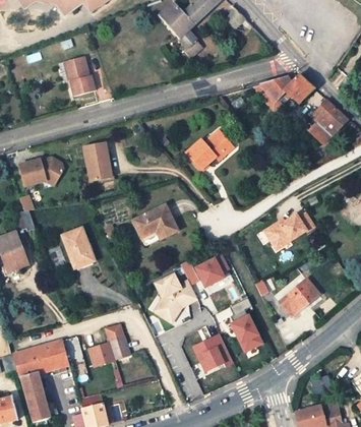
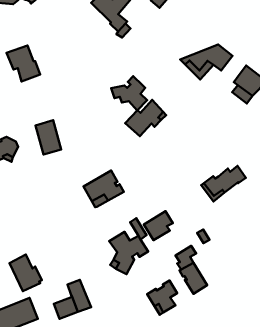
building: none -> [111,76,147,111]
building: [62,227,97,267] -> [9,255,42,291]
building: [280,279,318,315] -> none

